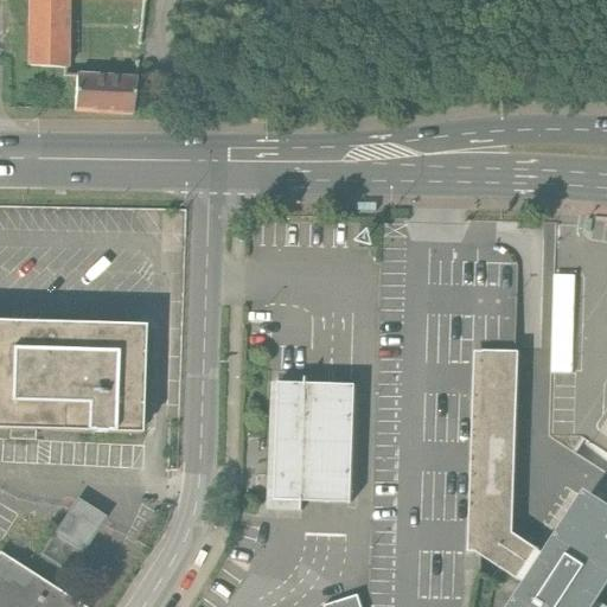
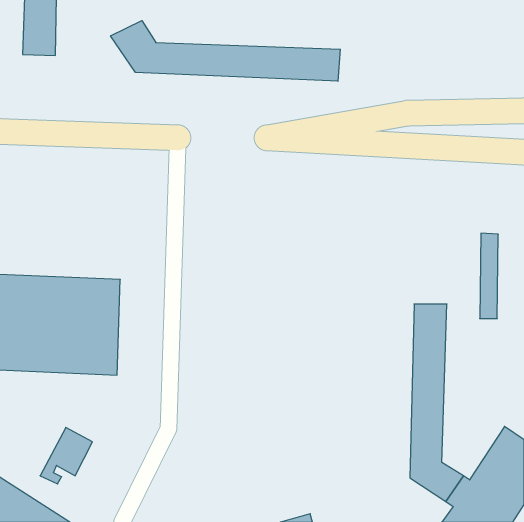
building: none -> [111,21,340,81]
building: [75,72,130,110] -> none
building: [279,382,354,499] -> none

